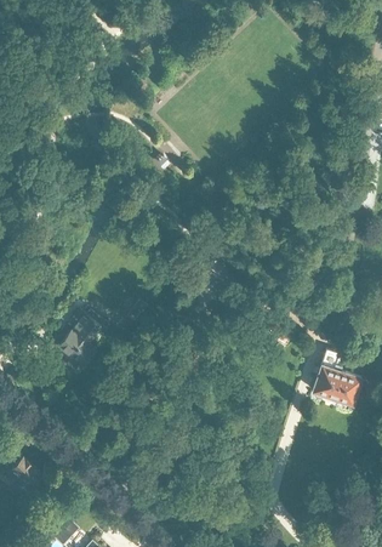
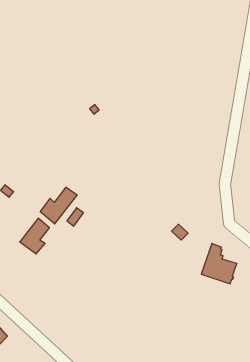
building: none -> [40,187,77,224]

